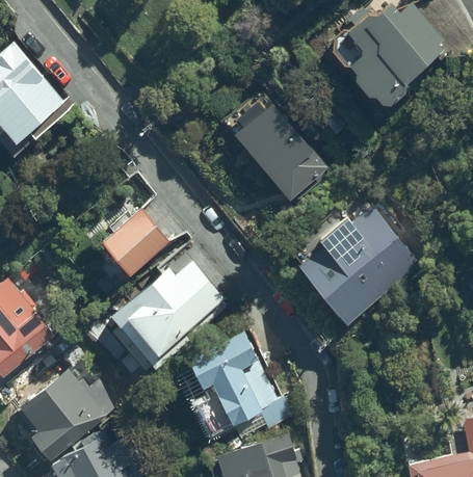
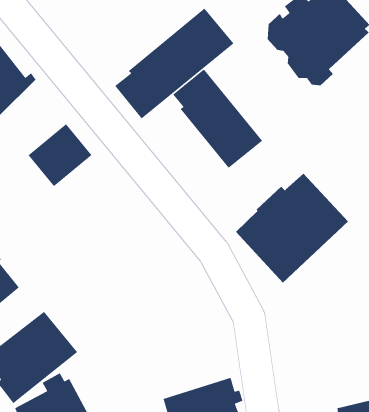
building: none -> [114,7,234,120]
building: [99,208,170,279] -> [28,123,93,187]
building: [107,260,229,371] -> none
building: [185,327,292,441] -> none

